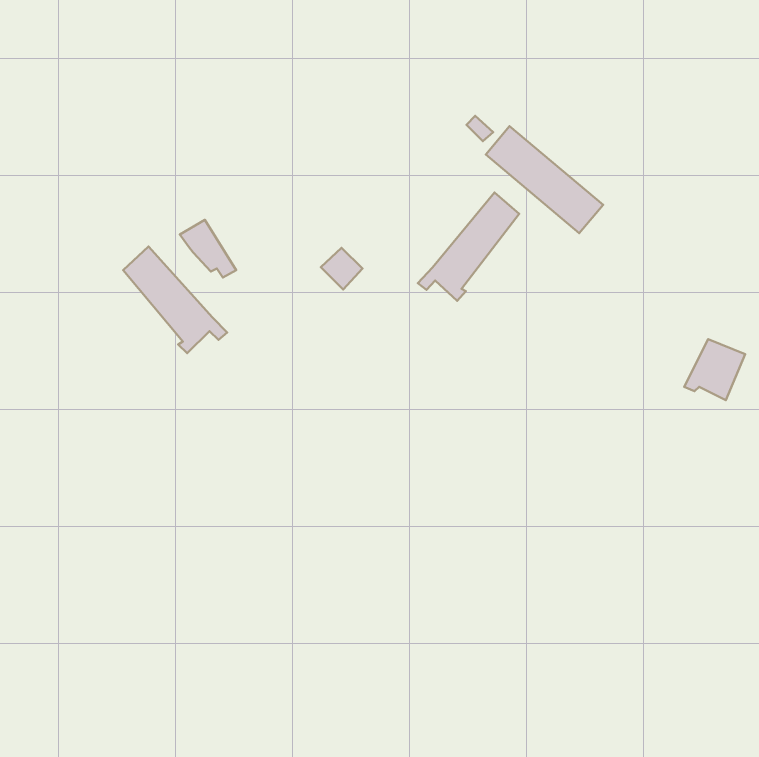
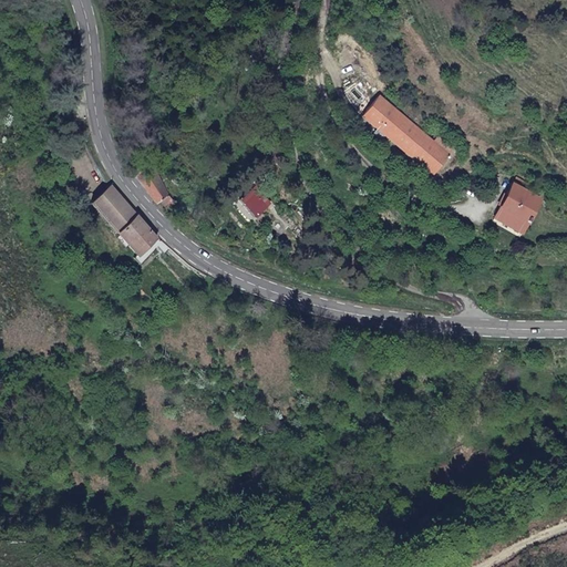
building: [418,192,519,301] -> none
building: [684,339,745,400] -> [495,185,540,230]

